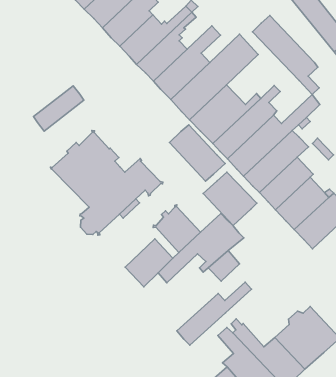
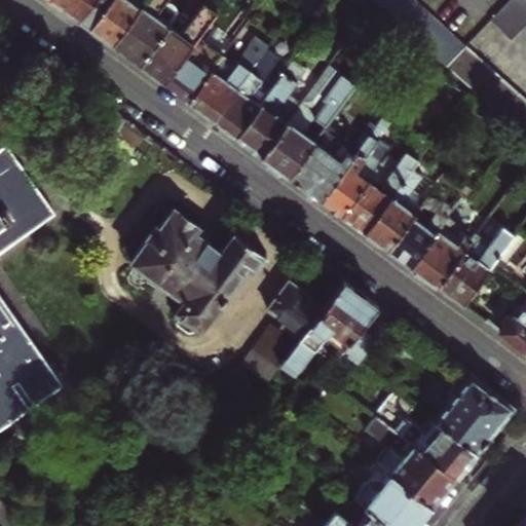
building: [253,16,319,94] -> none
building: [33,86,84,131] -> none
building: [169,125,225,181] -> none
building: [203,172,257,226] -> none
building: [177,282,252,345] -> none

